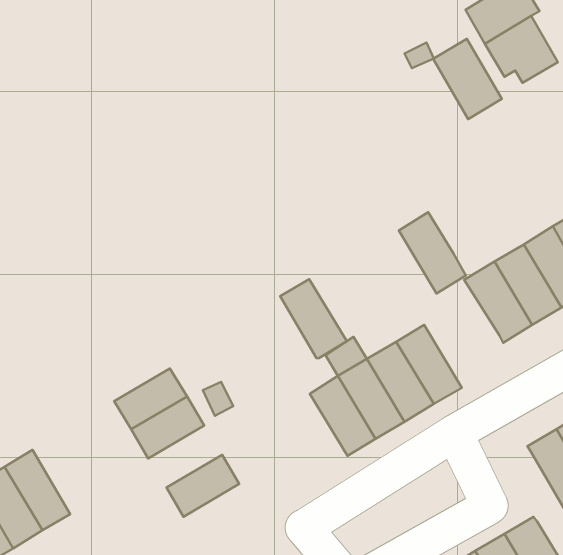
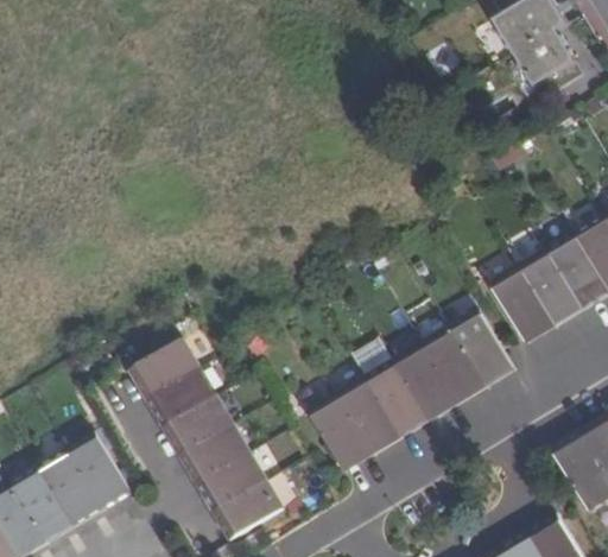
building: [433,39,502,119] -> none
building: [399,212,466,294] -> [450,309,515,388]
building: [280,279,347,358] -> [310,394,375,471]
building: none -> [129,340,202,401]
building: none -> [180,425,253,486]
building: none -> [68,432,133,512]
building: none -> [215,482,286,542]

